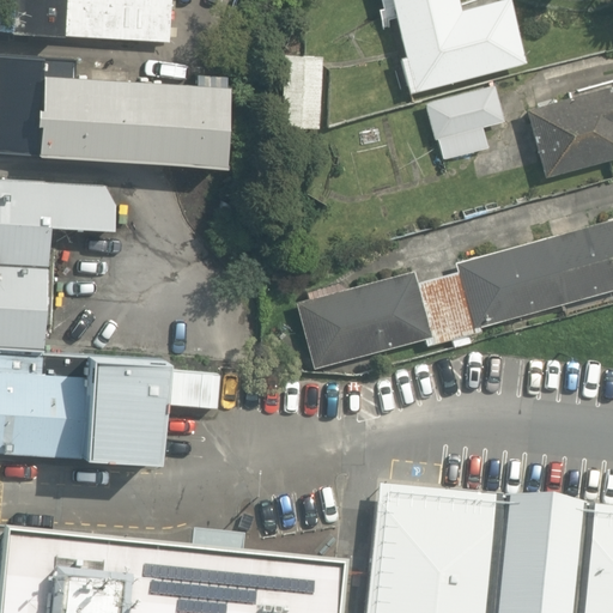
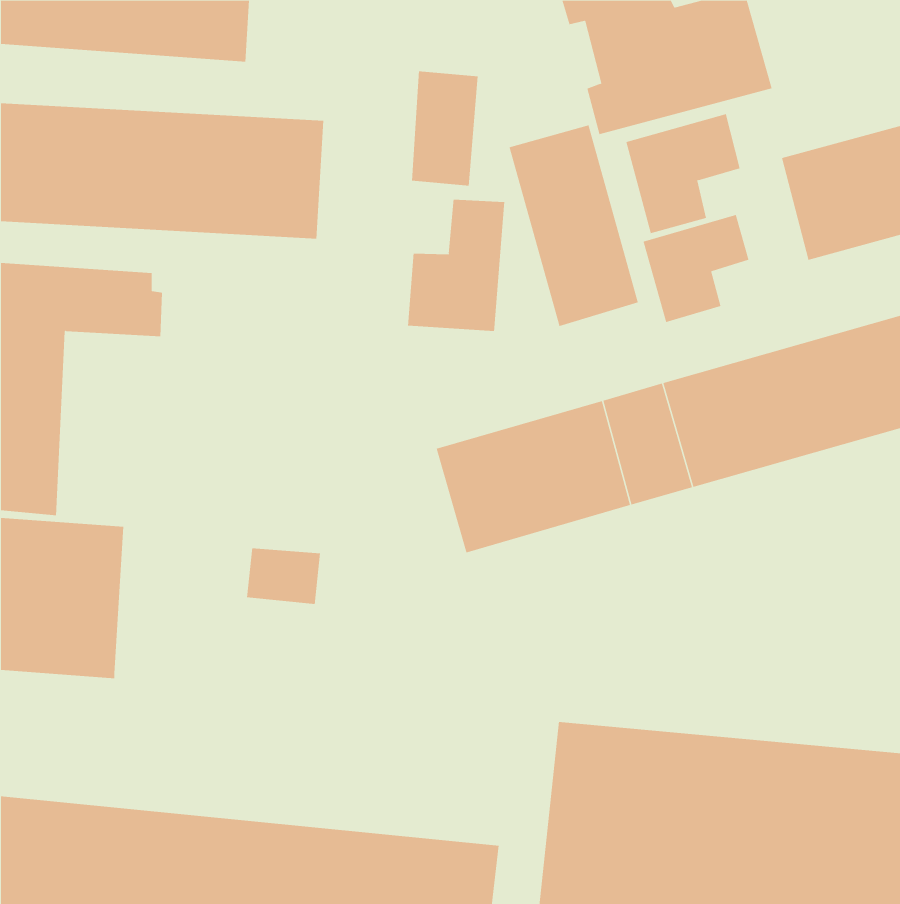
building: none -> [509,125,638,327]
building: none -> [407,199,505,332]
building: none -> [643,214,749,323]
building: [81,357,164,462] -> none

